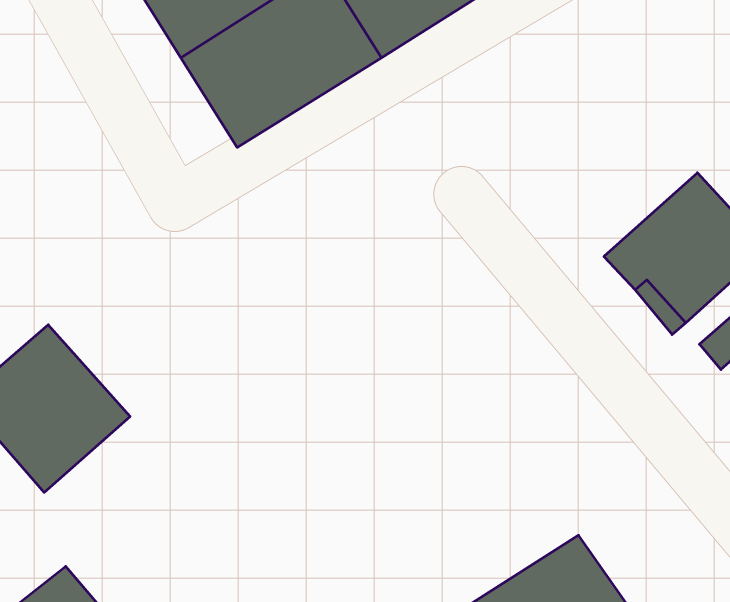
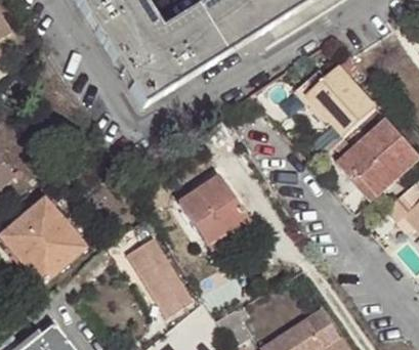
building: none -> [305,65,374,134]
building: none -> [178,174,248,242]
building: none -> [125,236,192,315]

